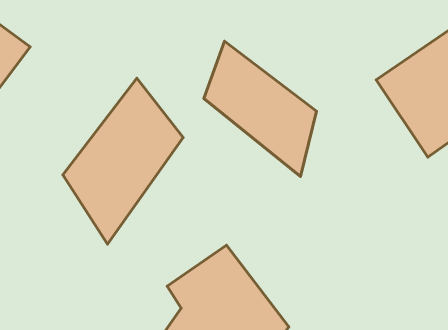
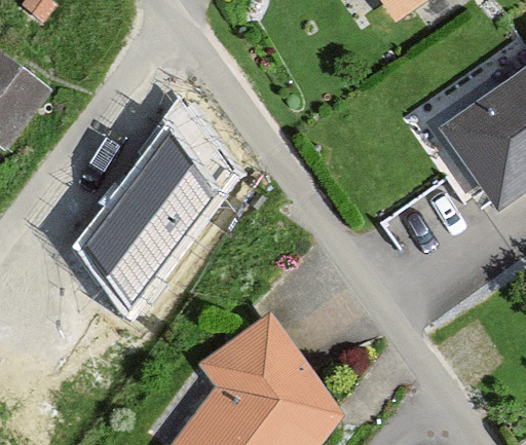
building: [204,41,316,176] -> none

